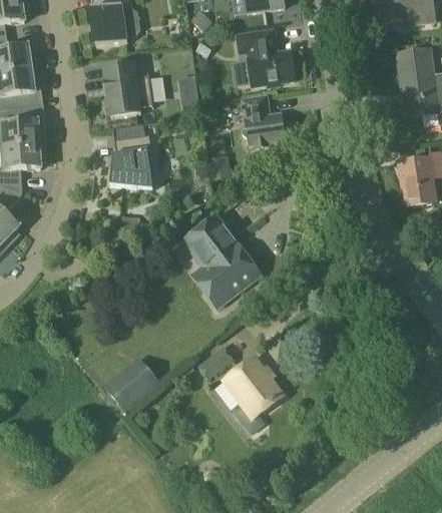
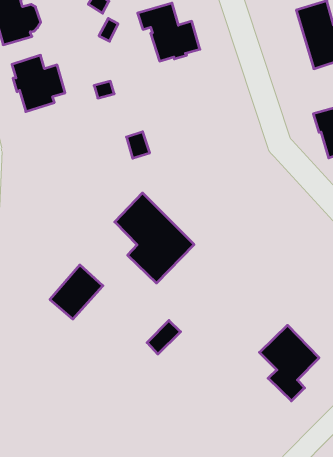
building: [241,93,285,147] -> none
building: [109,126,152,187] -> none
building: [224,355,283,431] -> [259,325,319,401]
building: [102,356,157,409] -> [50,265,103,319]

